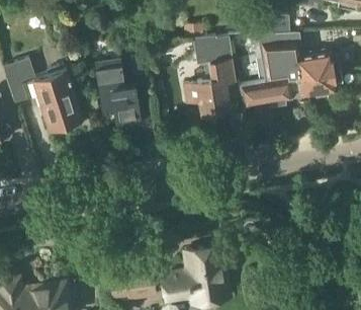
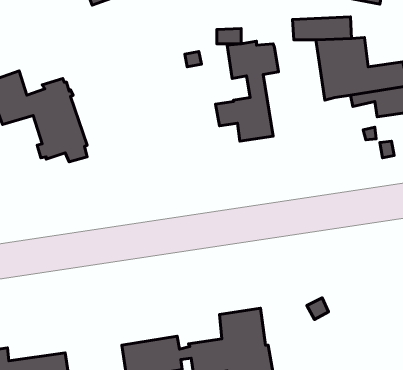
building: [95,62,142,129] -> none
building: [241,79,310,107] -> none

